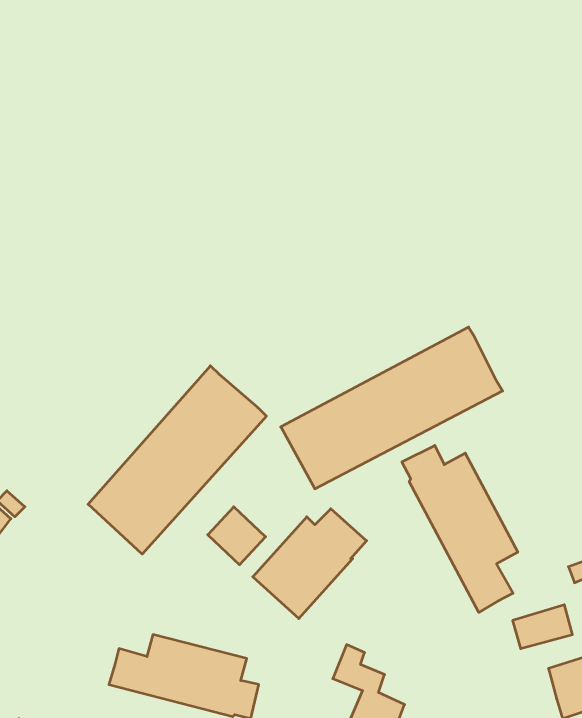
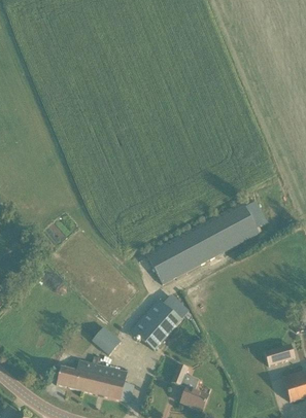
building: [88,366,266,554] -> none
building: [402,445,518,612] -> none
building: [208,507,266,565] -> [92,325,122,355]

